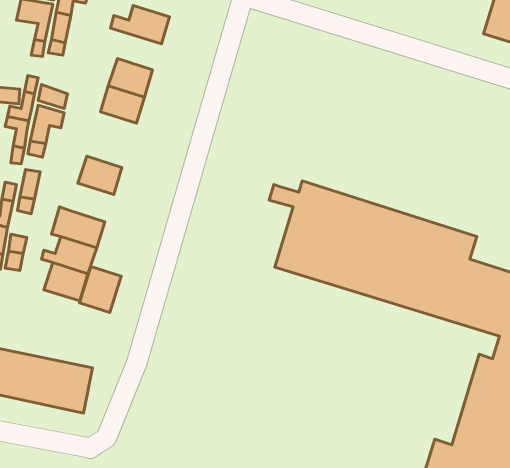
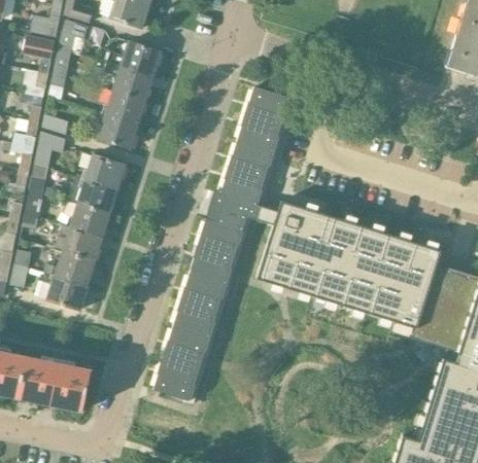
building: none -> [103,61,153,99]
building: none -> [153,85,295,401]
building: none -> [86,153,126,187]
building: none -> [70,202,110,237]
building: [79,267,121,313] -> none

